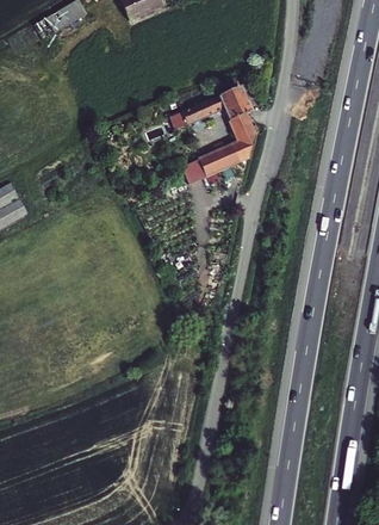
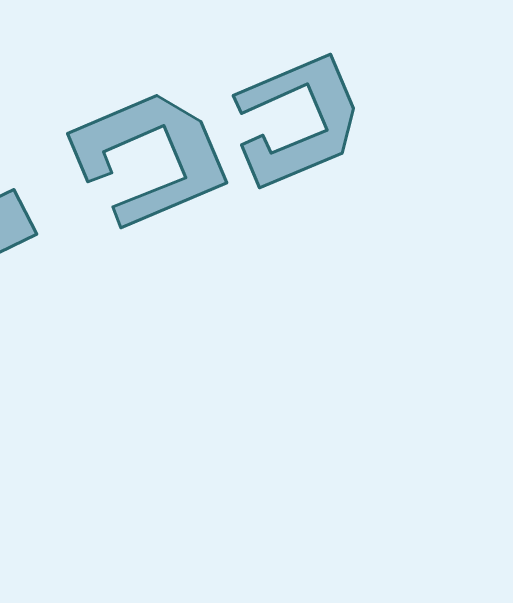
building: none -> [67,95,227,228]

